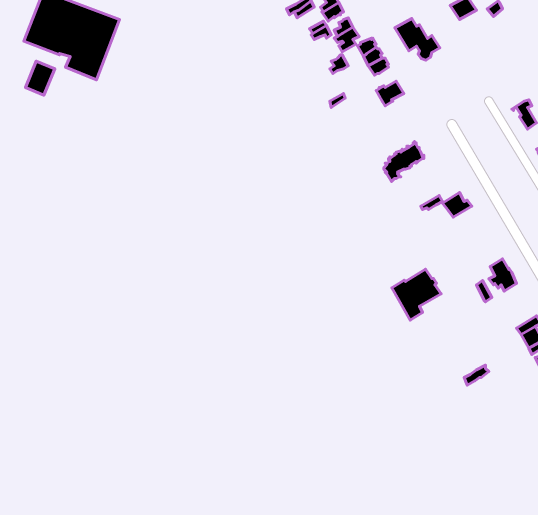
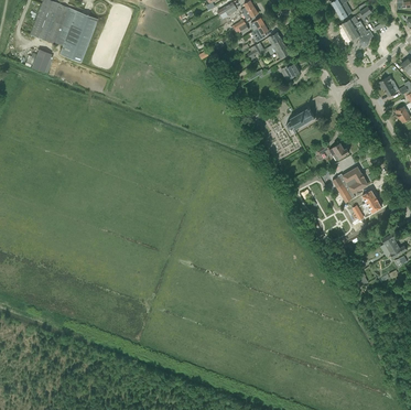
building: [395,19,440,60] -> [343,17,375,46]
building: [392,269,441,320] -> [333,166,368,203]

